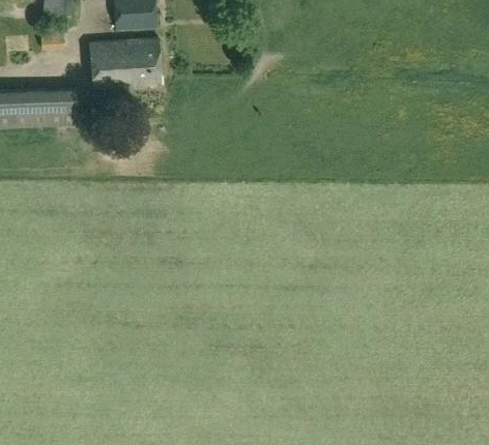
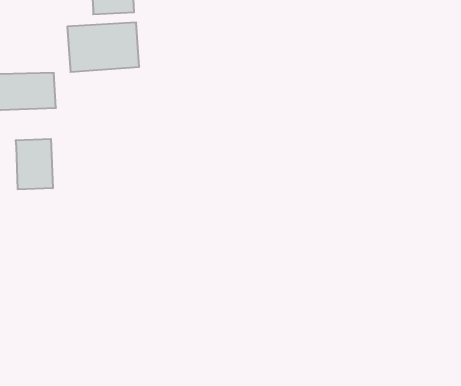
building: none -> [16,139,53,189]

